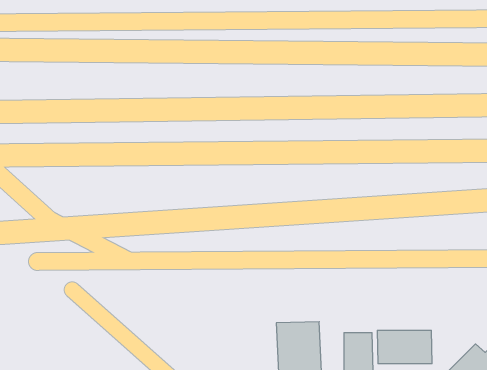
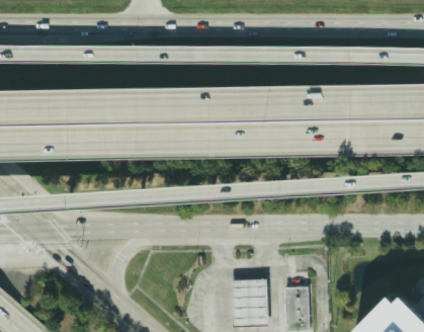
building: [377,330,432,364] -> none

